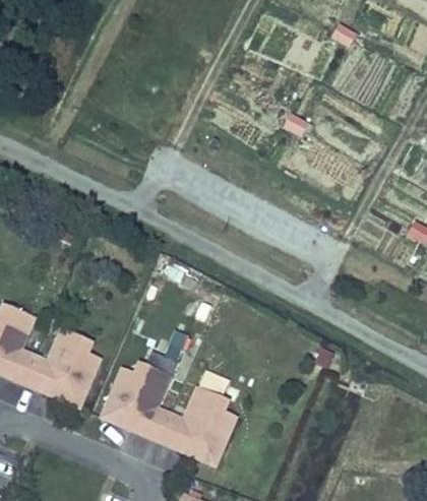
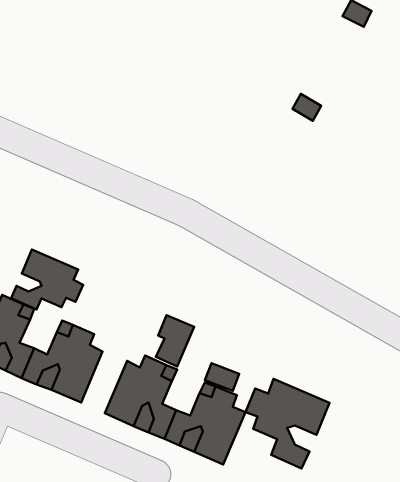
building: none -> [11,249,83,310]
building: none -> [245,379,330,469]

